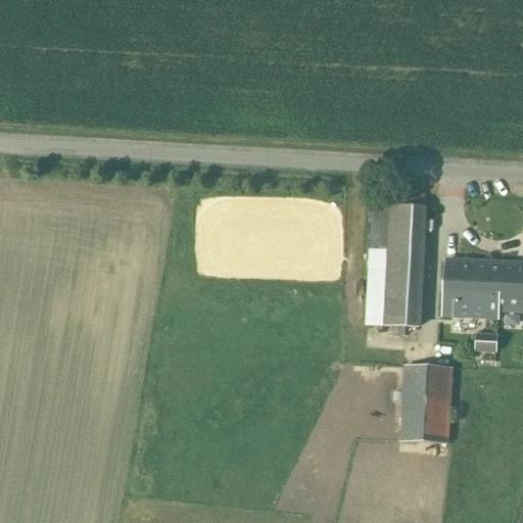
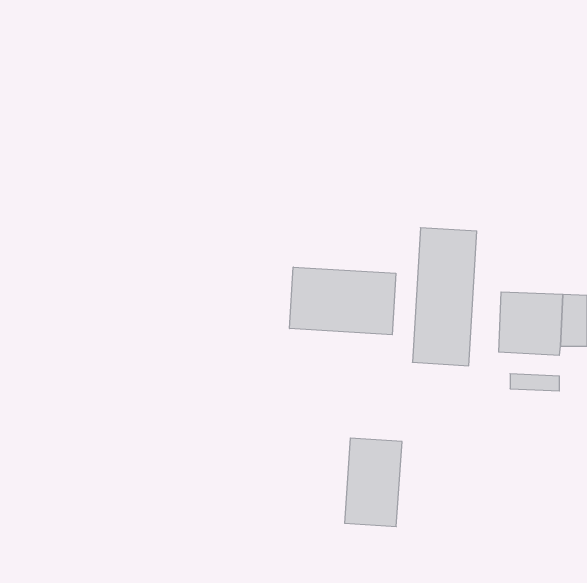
building: none -> [290,267,396,335]
building: [401,364,453,442] -> [345,438,402,527]

